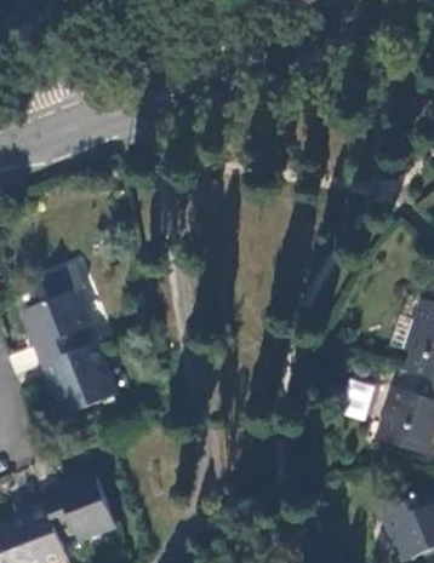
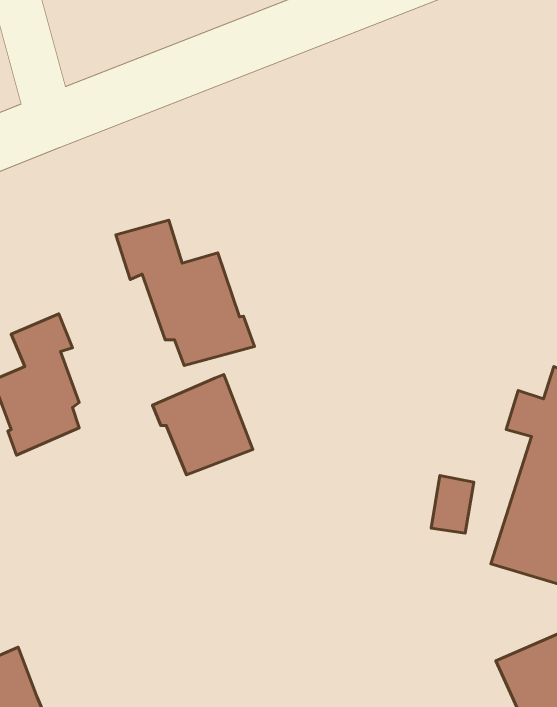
building: none -> [116,220,254,366]
building: [44,341,115,413] -> [152,375,253,475]
building: [40,473,112,538] -> none

